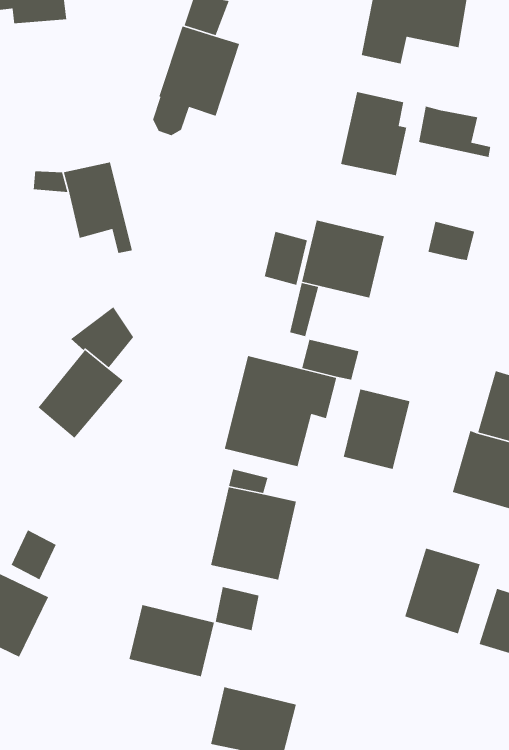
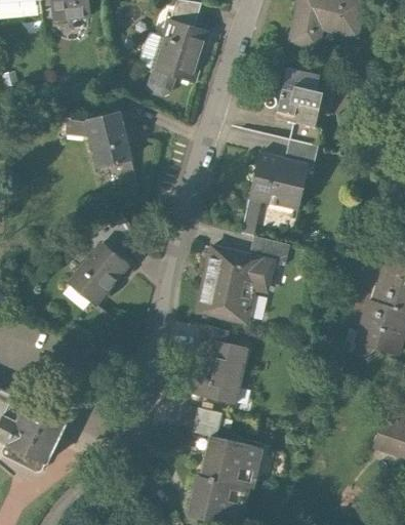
building: [418,106,491,158] -> none
building: [427,221,475,261] -> [285,139,318,167]
building: [264,231,308,286] -> none
building: [343,388,410,470] -> none
building: [10,529,57,581] -> none
building: [404,548,481,635] -> none
building: [128,604,215,677] -> [200,439,259,489]

